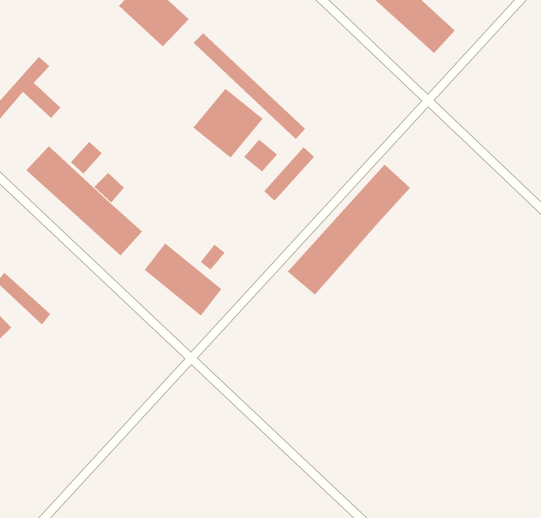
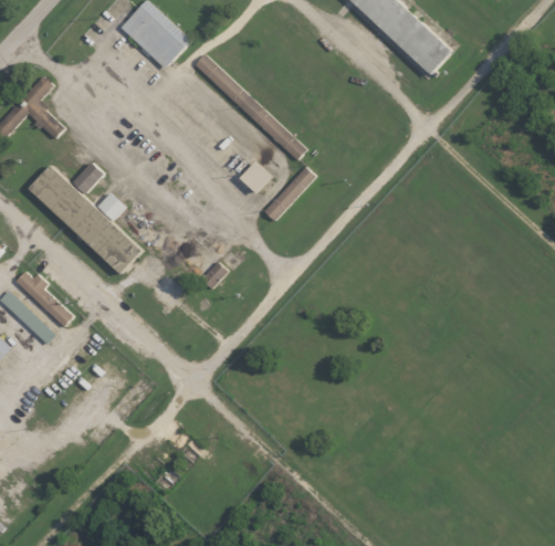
building: [192,88,263,158] -> none
building: [287,164,411,296] -> none
building: [144,243,222,316] -> none
building: none -> [14,271,71,325]

